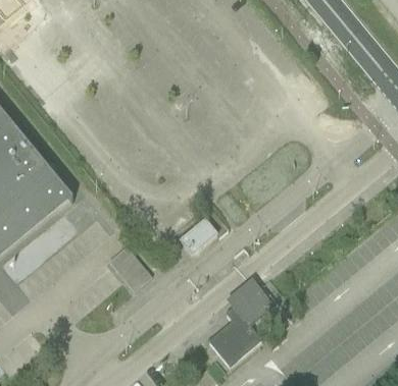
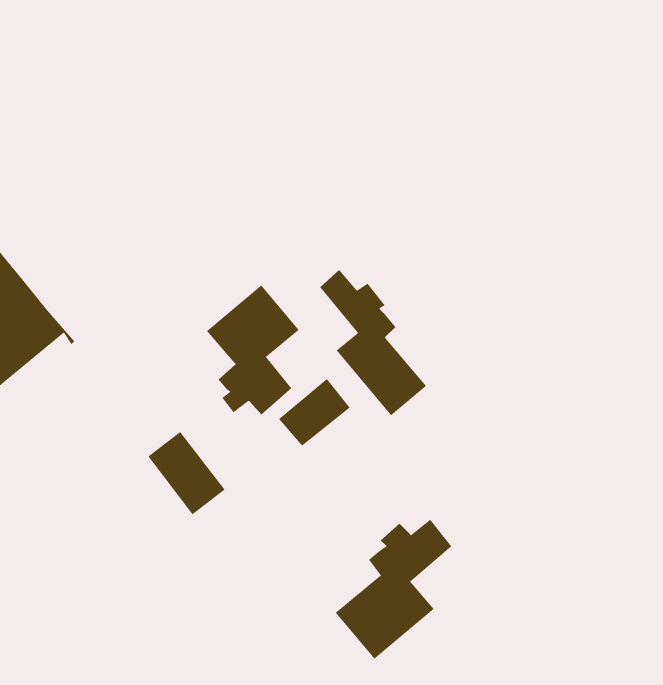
building: none -> [319,269,427,416]
building: none -> [206,285,299,416]

